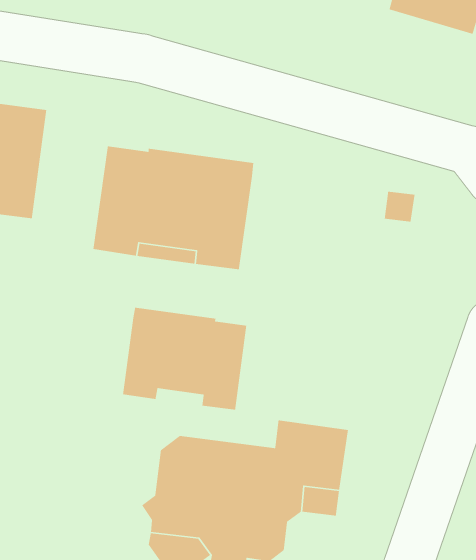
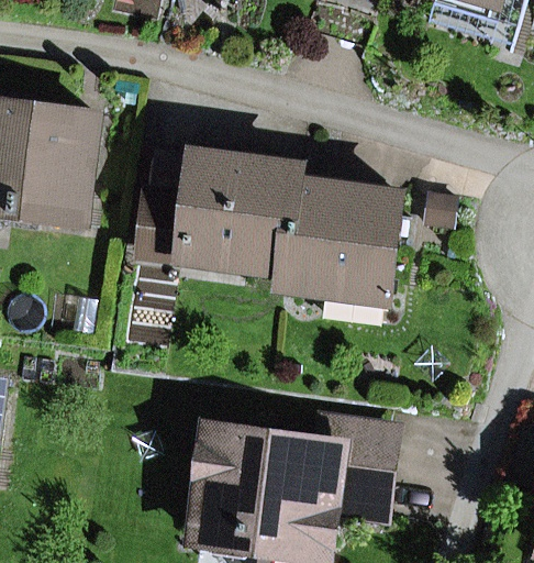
building: none -> [283,177,402,317]
building: [122,307,247,410] -> none

